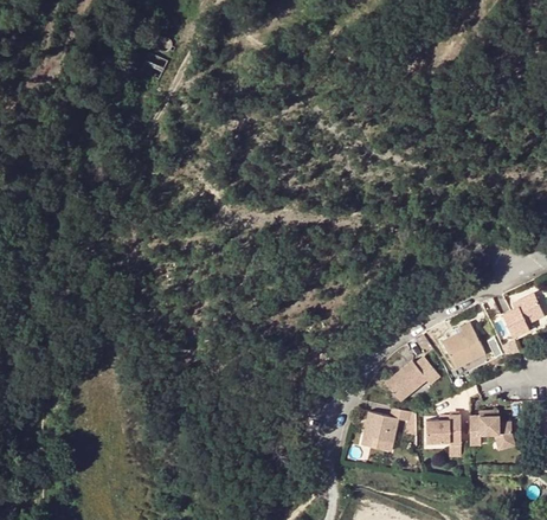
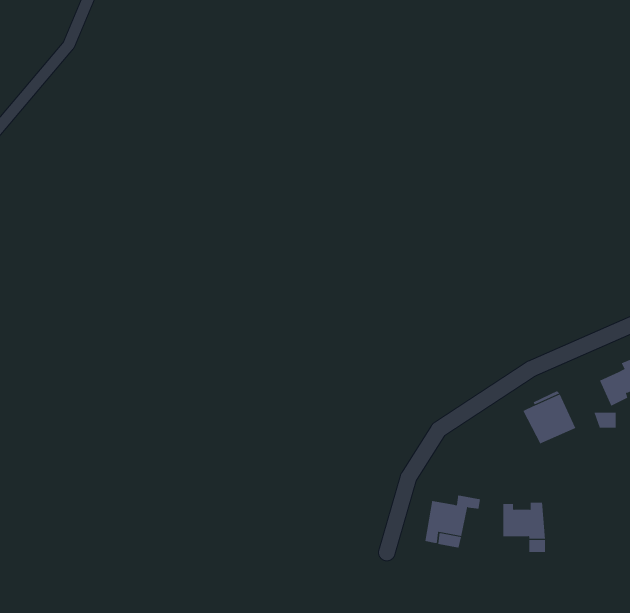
building: [384,359,439,404] -> none
building: [468,404,513,442] -> none

